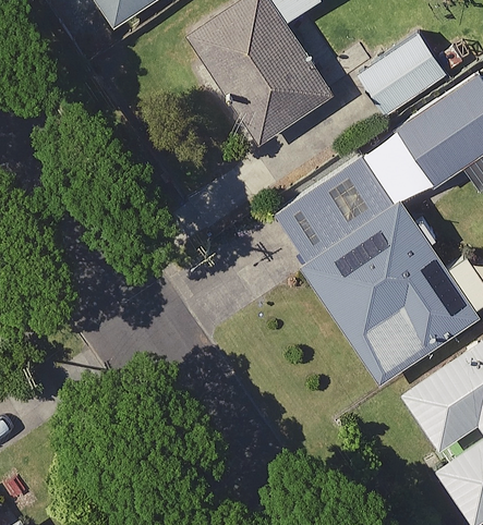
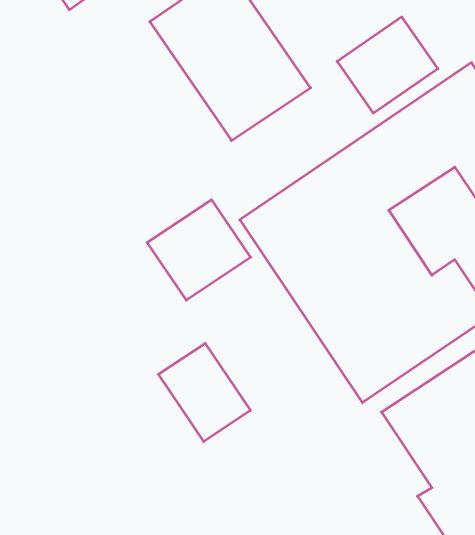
building: none -> [147,200,251,300]
building: none -> [158,343,250,442]

